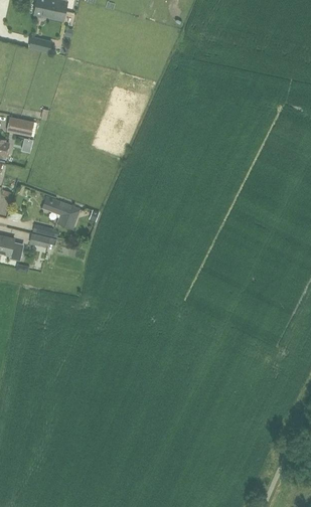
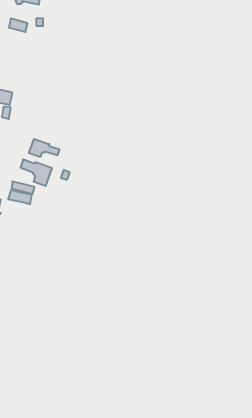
building: none -> [29,139,59,157]

